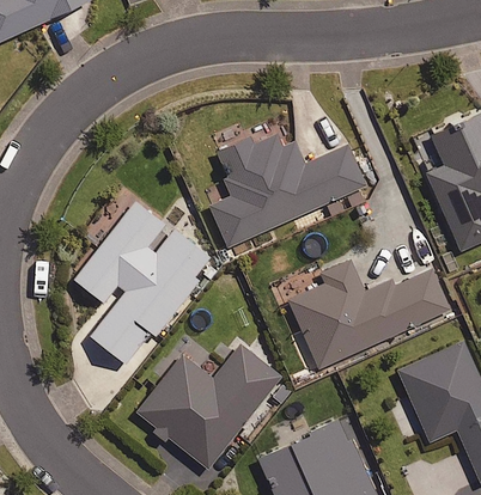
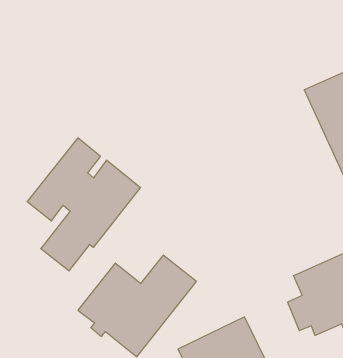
building: [211,134,365,246] -> none
building: [287,259,452,368] -> none

